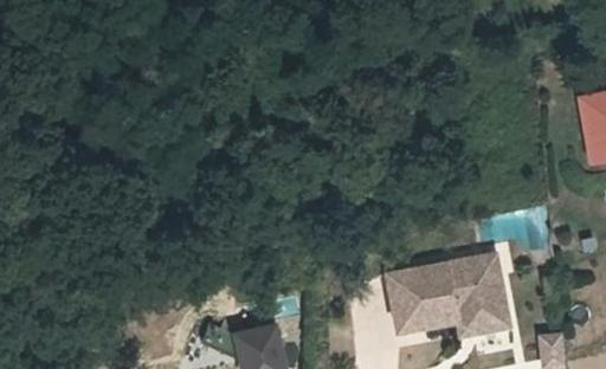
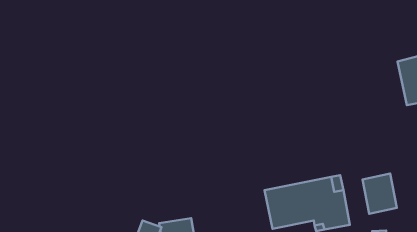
building: none -> [362,174,397,214]

